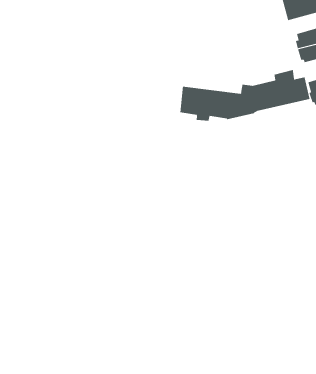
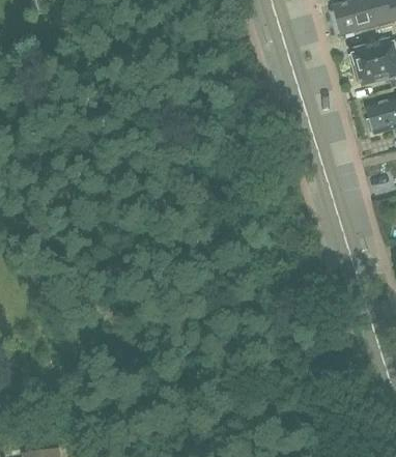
building: [180,69,310,122] -> none

